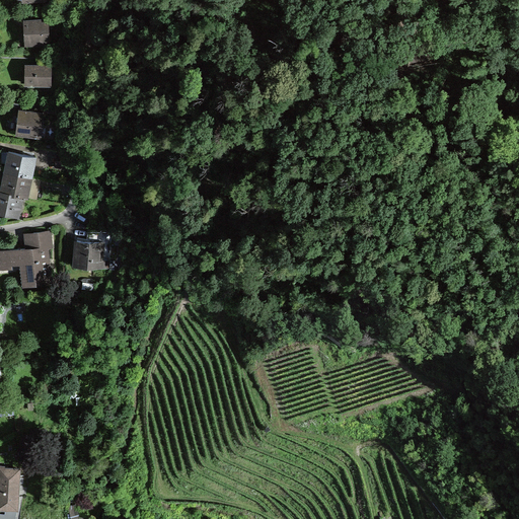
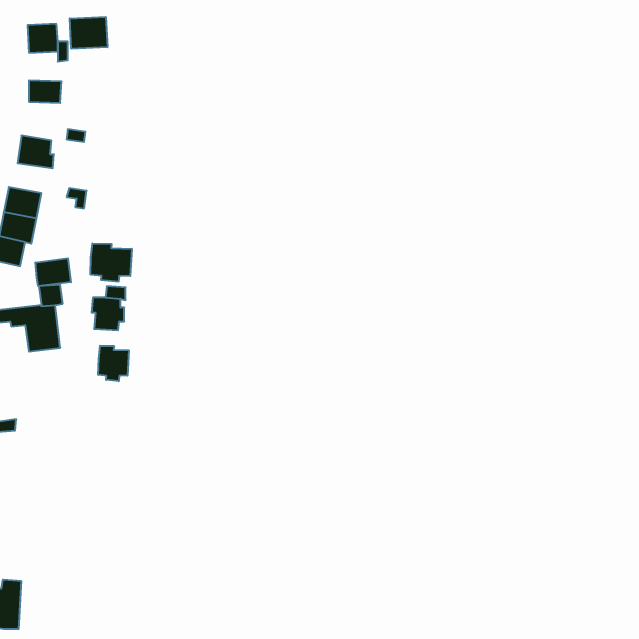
building: none -> [70,17,107,49]
building: none -> [91,243,132,282]
building: none -> [35,258,71,286]
building: none -> [98,346,129,381]

